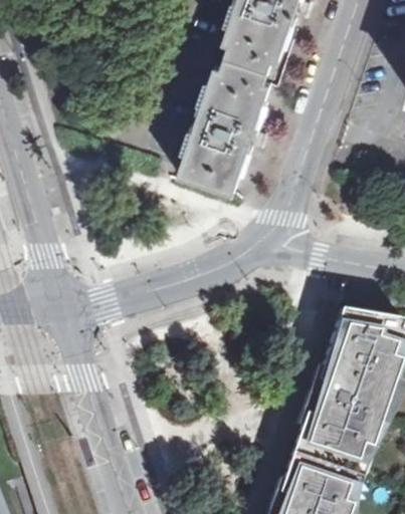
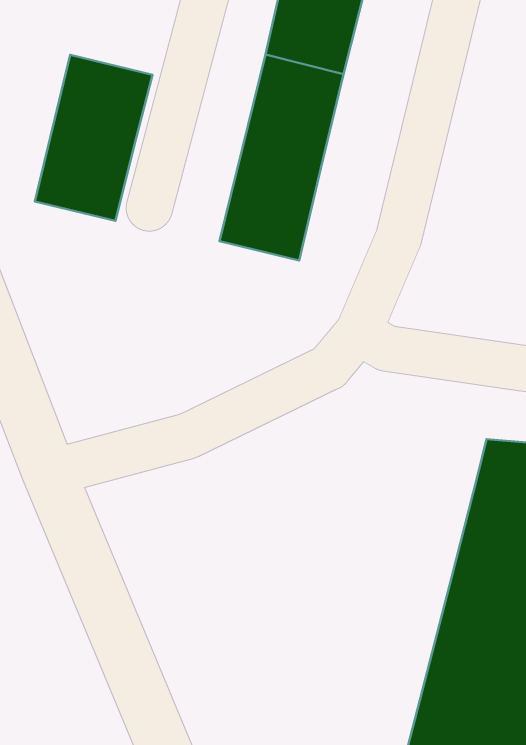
building: none -> [35,55,153,221]

